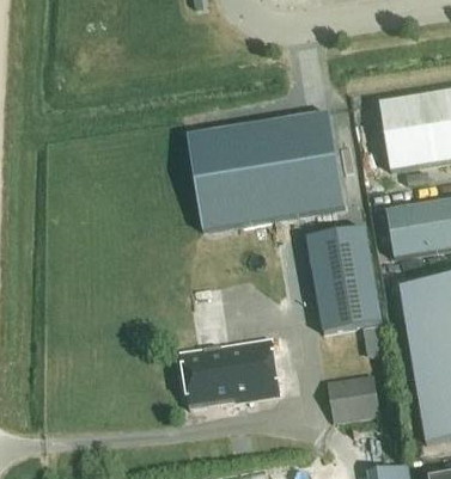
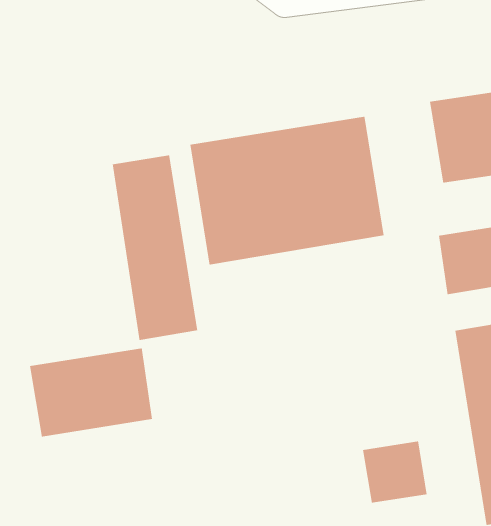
building: none -> [112,154,198,341]
building: [307,223,380,327] -> none
building: [178,337,278,409] -> [29,348,153,437]

